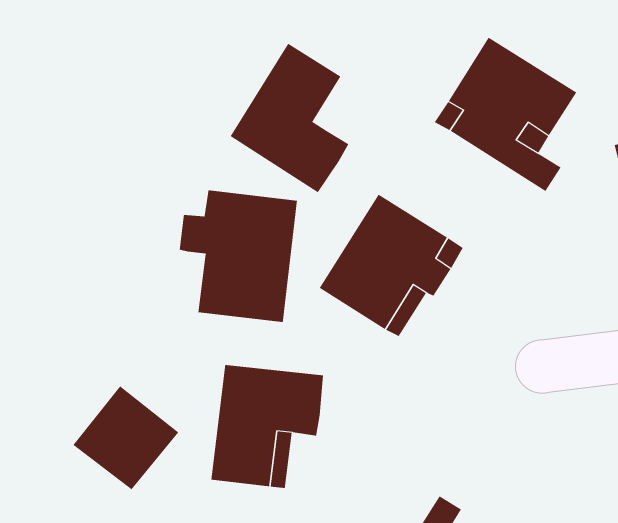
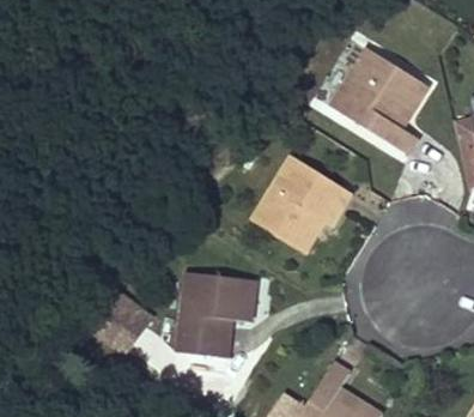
building: [230,43,349,193] -> none
building: [179,189,298,323] -> none

